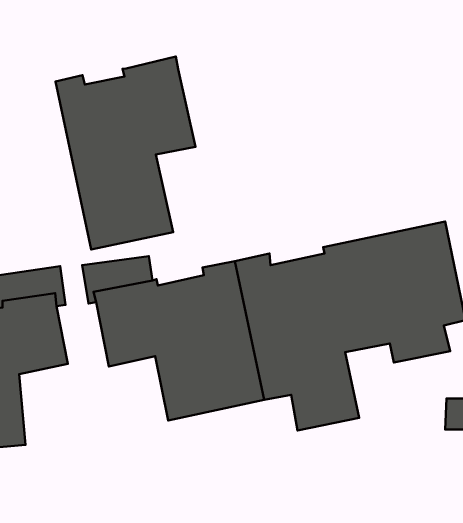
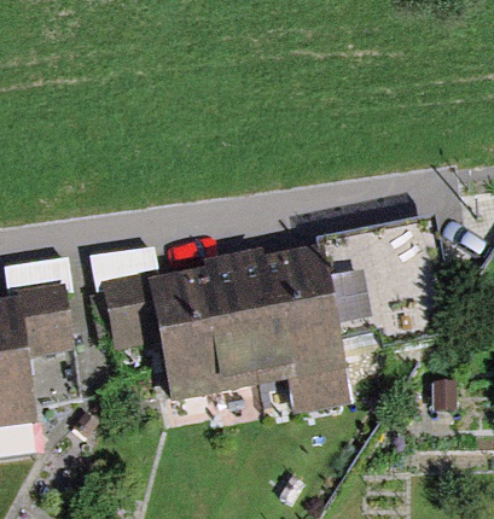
building: [55,57,196,250] -> none

